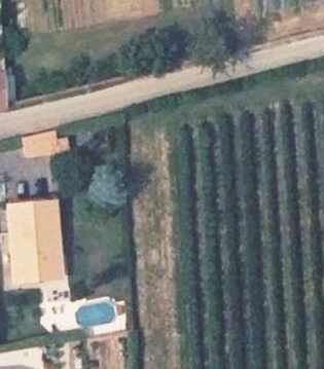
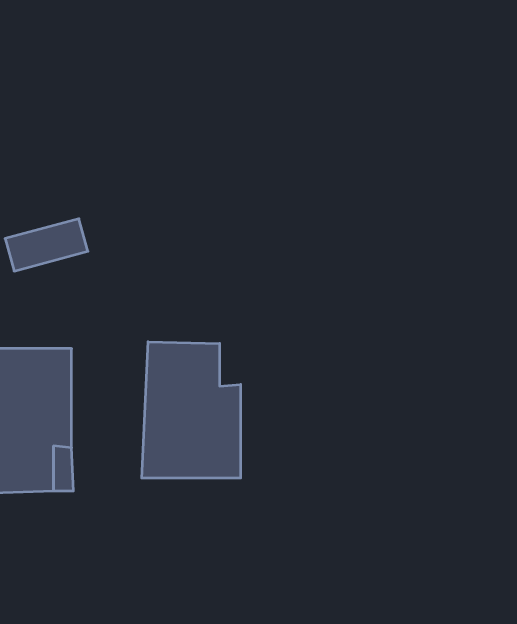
building: none -> [142,342,241,478]

